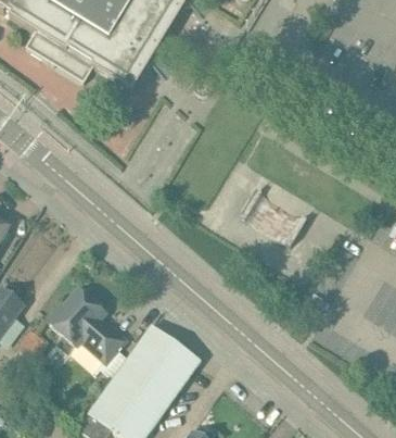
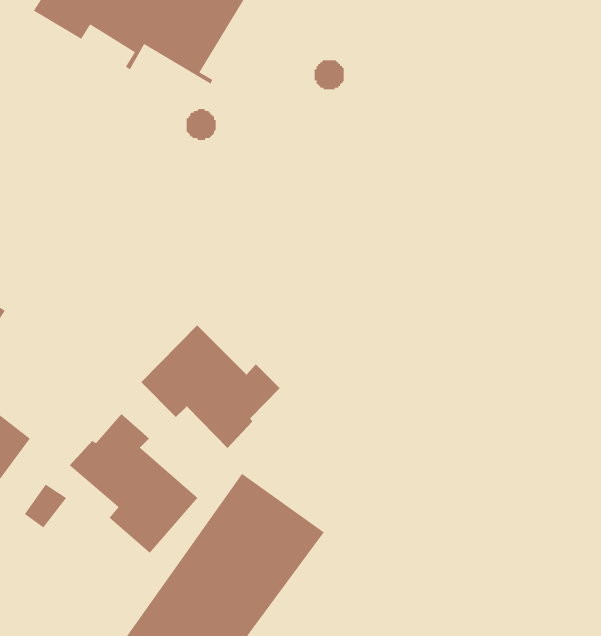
building: none -> [141,325,280,449]

